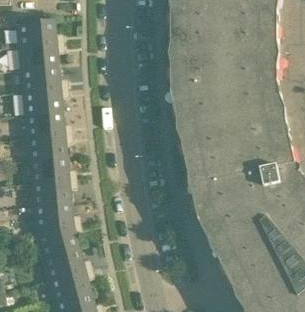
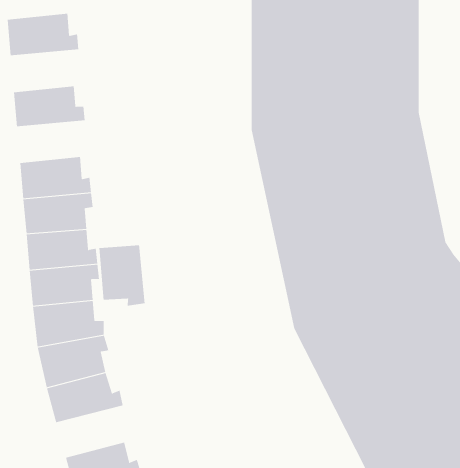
building: [17,41,62,68] -> none
building: [21,86,66,113] -> none
building: none -> [99,244,145,306]
building: [46,267,92,300] -> none

